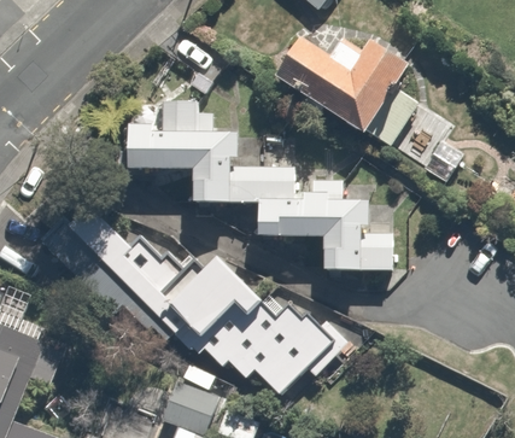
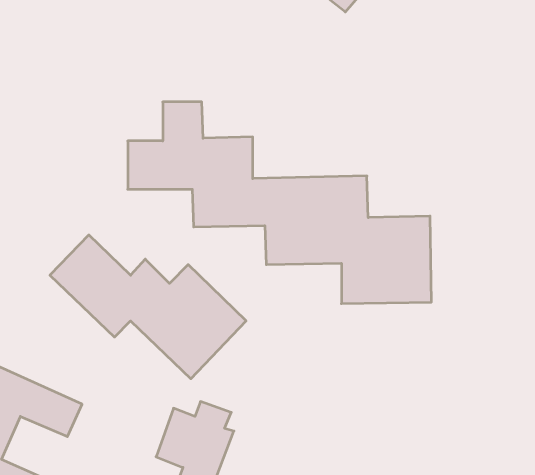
building: [273,34,470,179] -> none
building: [183,291,335,393] -> none

